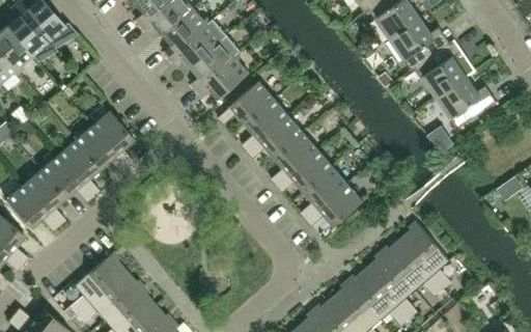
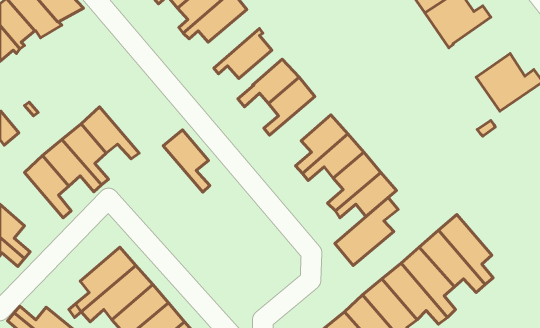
building: [191,35,240,89] -> none
building: [415,39,475,98] -> none
building: [91,110,134,167] -> [163,130,210,192]
building: [247,115,303,158] -> none
building: [5,185,58,231] -> none
building: none -> [335,198,398,266]

